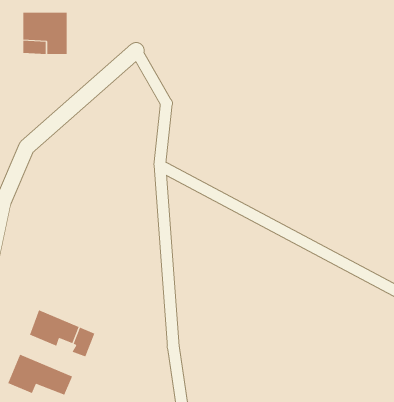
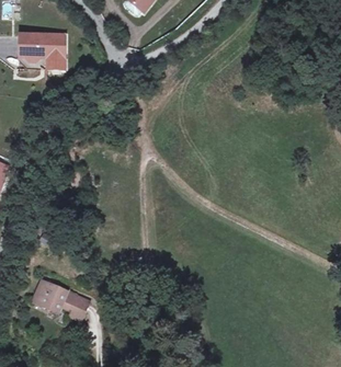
building: [7,354,73,396] -> none

